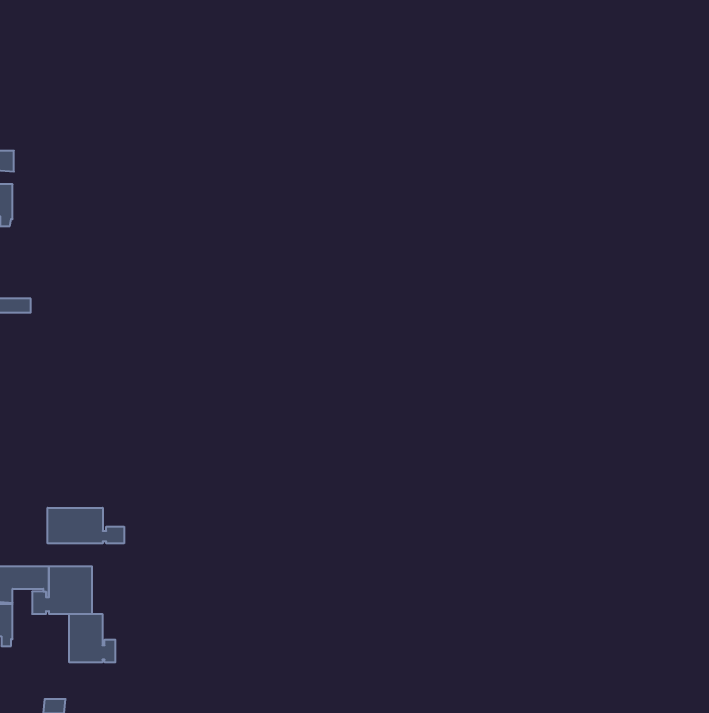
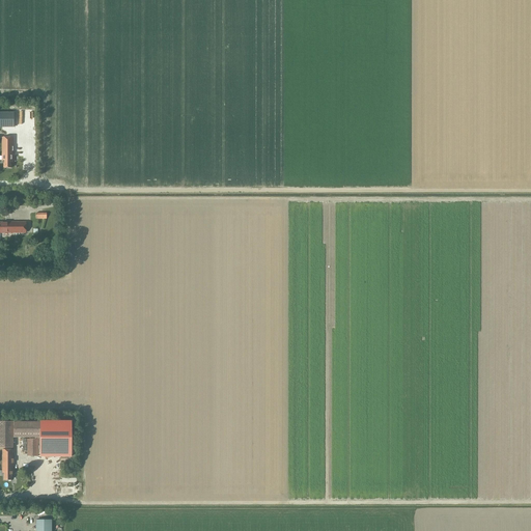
building: [48,508,124,543] -> none
building: [69,614,115,662] -> none

